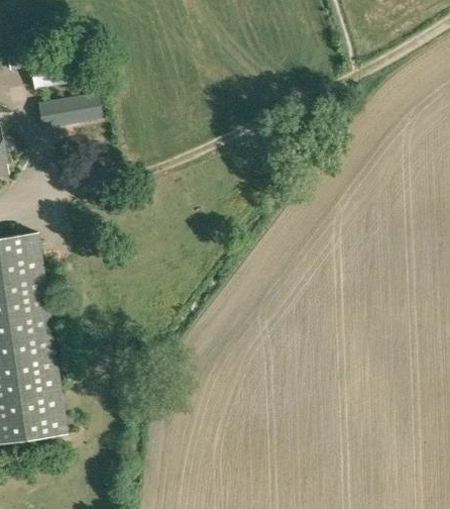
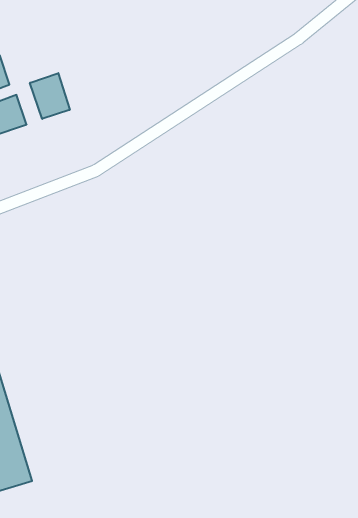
building: none -> [30,73,70,119]

